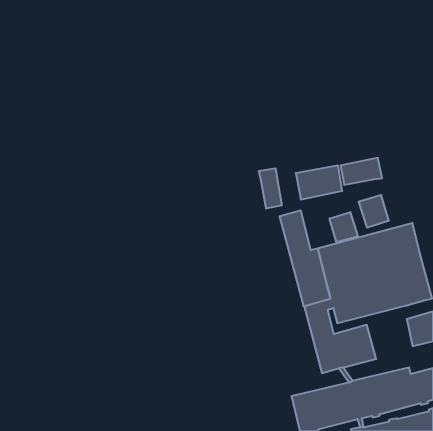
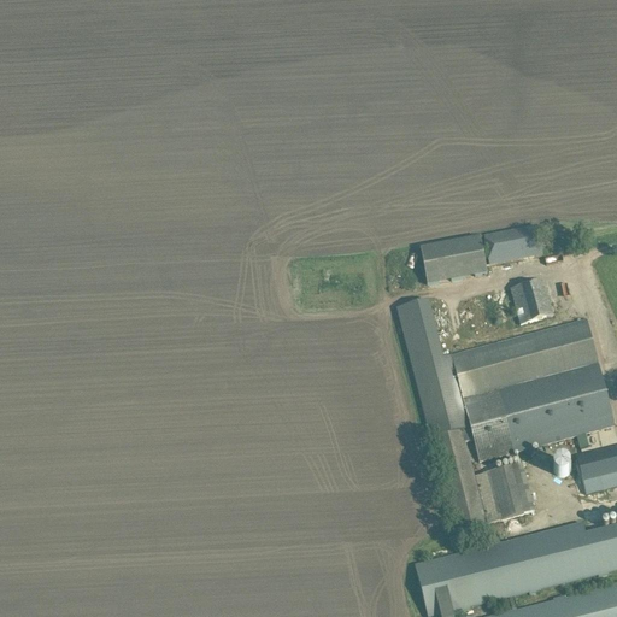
building: [259,168,282,209] -> none
building: [330,212,358,242] -> none

